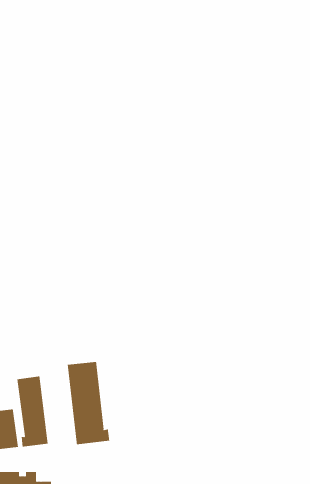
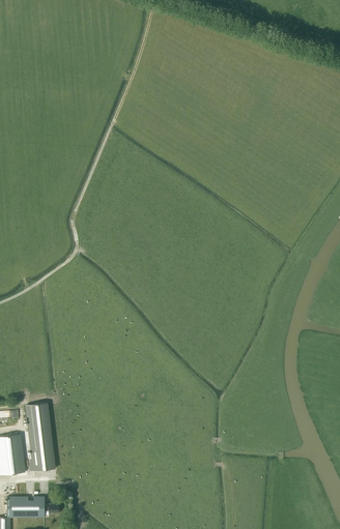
building: [67,361,110,445] -> none

